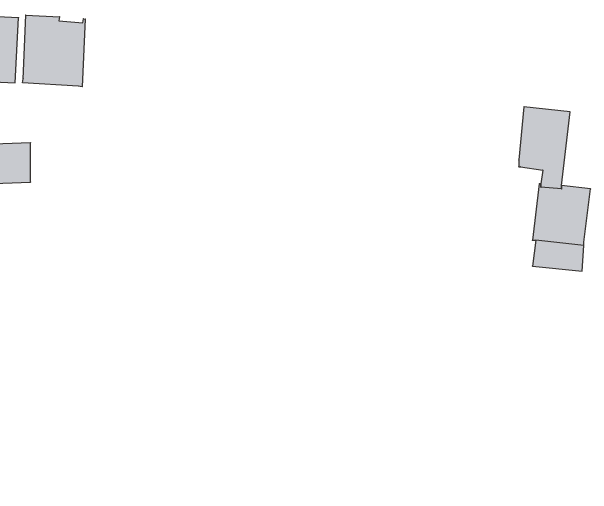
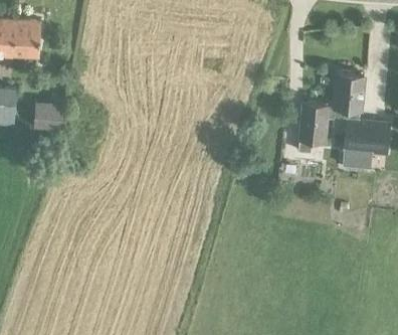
building: [23,15,85,87] -> none
building: none -> [298,104,336,151]

